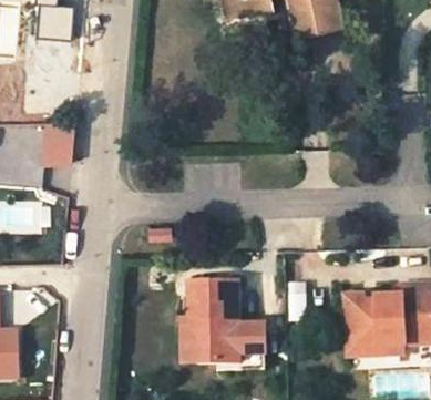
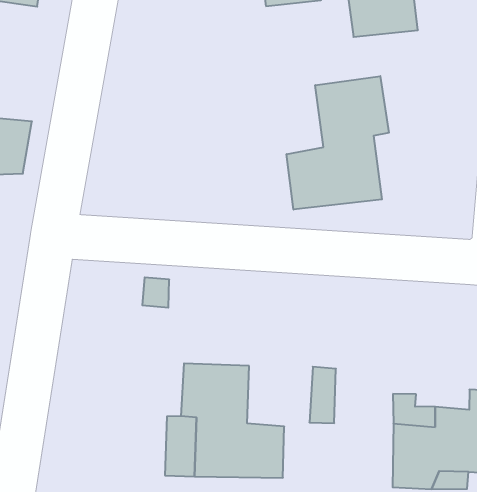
building: none -> [287,76,389,210]

